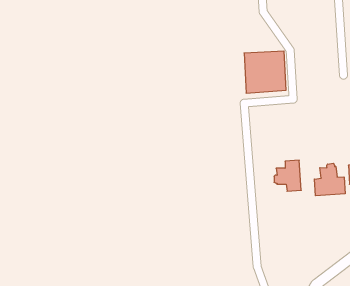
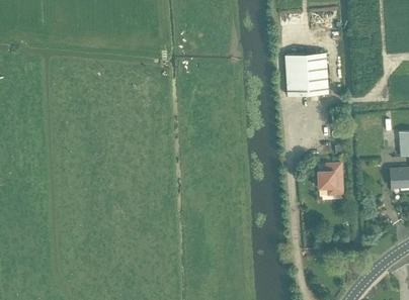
building: [314,163,345,196] -> none

